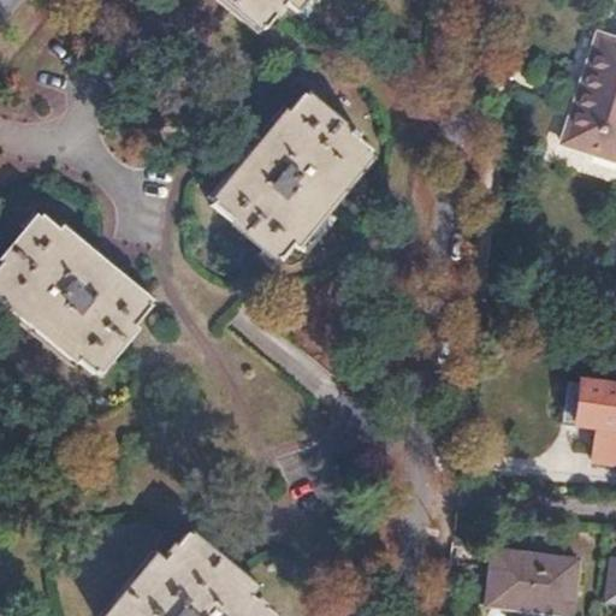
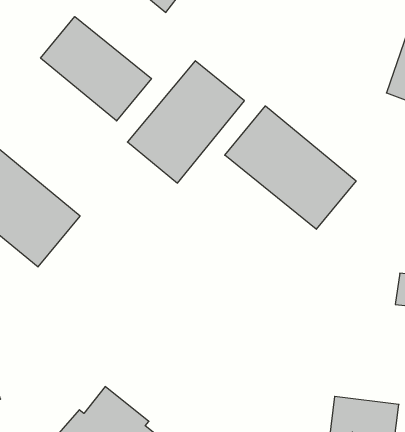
building: none -> [41,17,151,121]
building: none -> [225,106,356,229]

